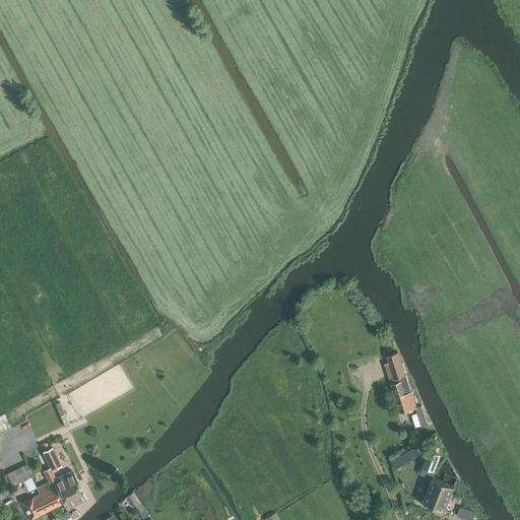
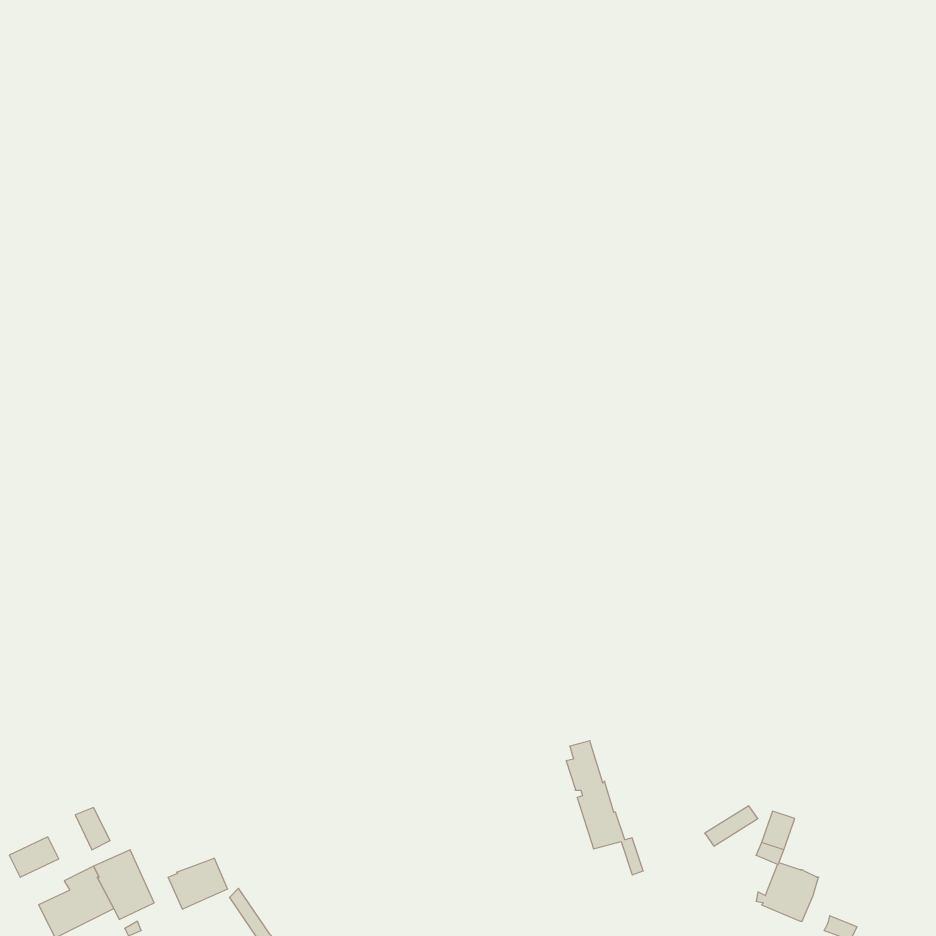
building: [384,352,427,427] -> [566,741,643,875]
building: none -> [168,858,227,909]

